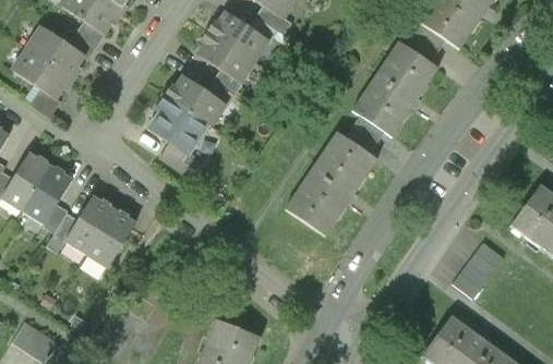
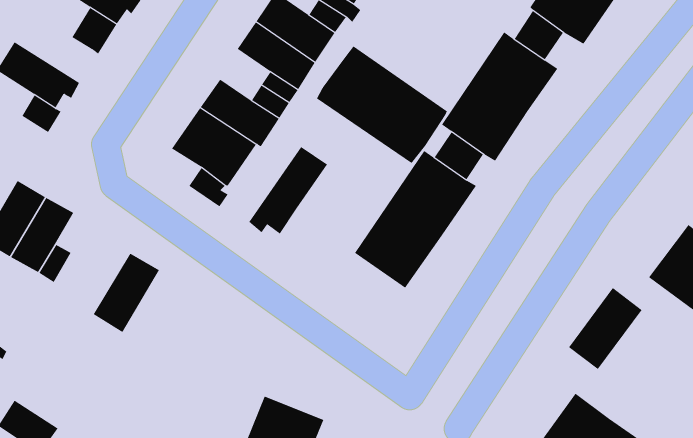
building: [25,24,85,78] -> none
building: none -> [316,45,448,164]
building: none -> [248,146,328,234]
building: [63,195,113,255] -> none

